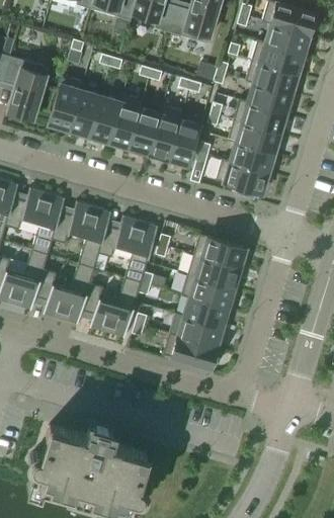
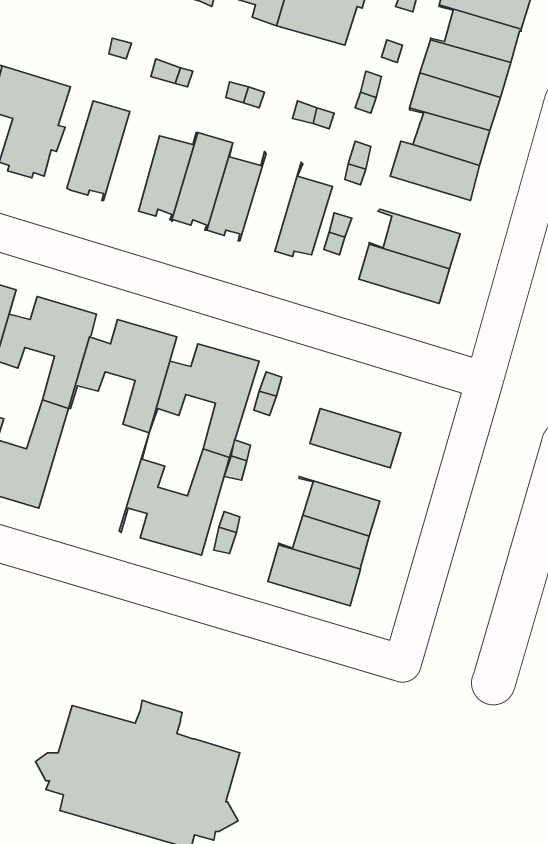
building: [69,82,101,140] -> none
building: [148,106,183,163] -> none
building: [229,119,281,153] -> none
building: [194,234,247,268] -> none
building: [31,254,95,325] -> none
building: [182,274,235,308] -> none

